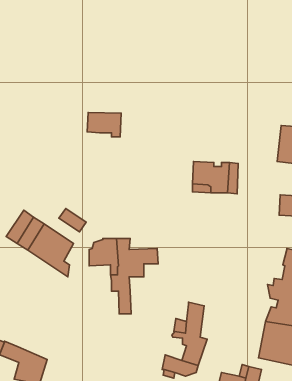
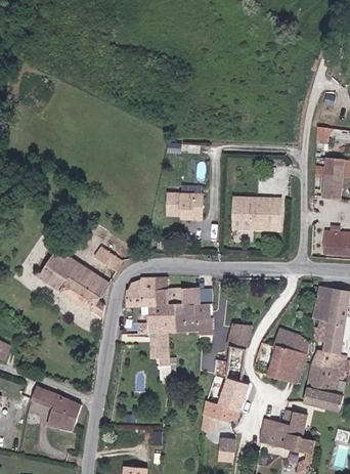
building: [87,112,121,137] -> [167,193,203,219]
building: none -> [312,286,333,320]
building: none -> [167,304,212,335]
building: none -> [227,322,252,348]
building: none -> [267,328,308,384]

